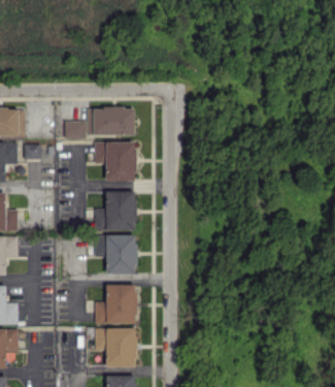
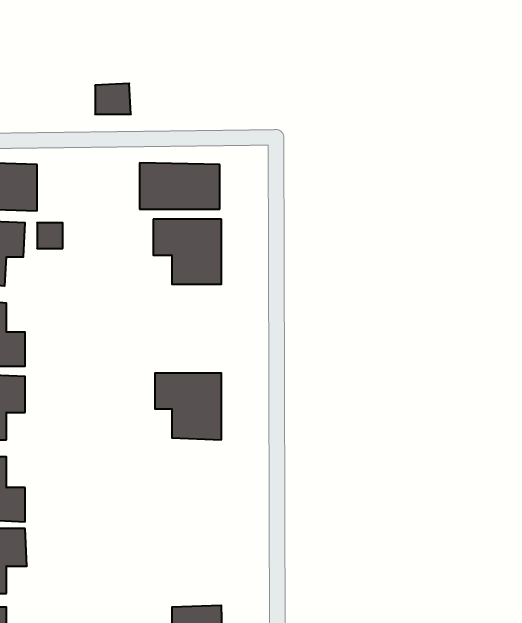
building: [64,121,86,139] -> [95,83,131,114]
building: [93,192,135,231] -> none
building: [94,285,135,324] -> none
building: [94,328,135,367] -> none

